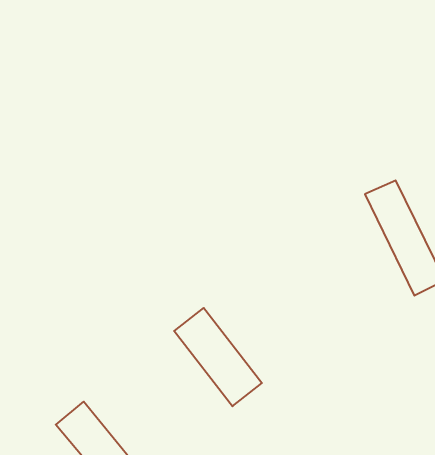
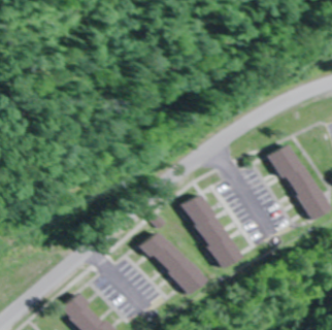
building: none -> [186,194,234,268]

